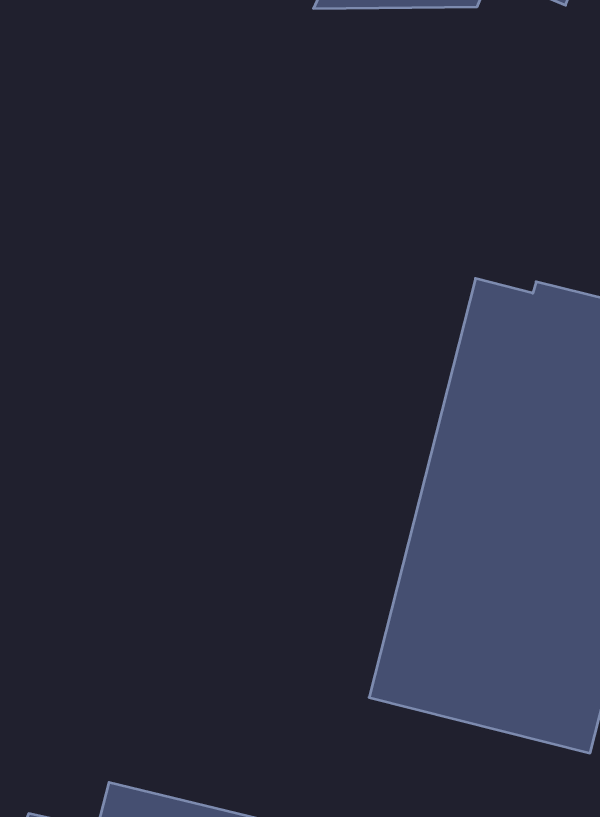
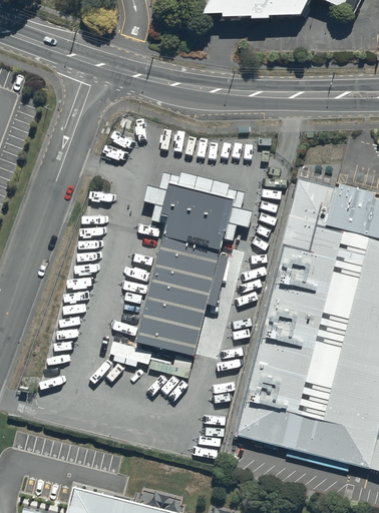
building: none -> [137,176,254,362]

